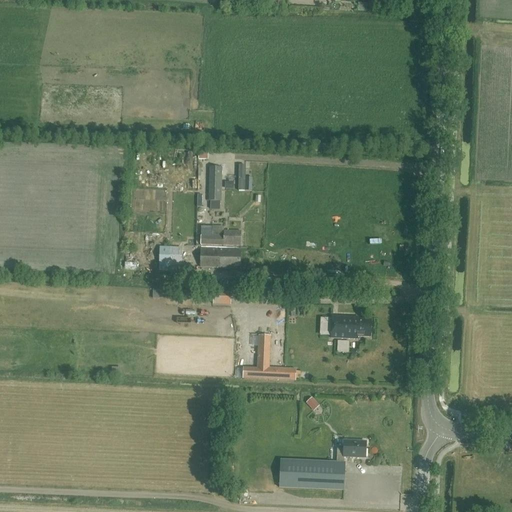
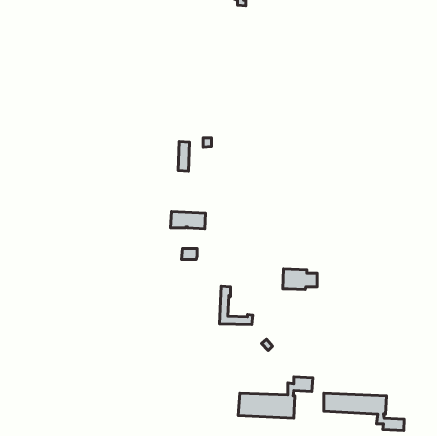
building: [200,225,240,244] -> none
building: [158,246,181,264] -> none
building: none -> [324,393,404,430]

